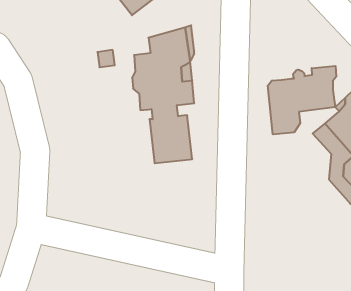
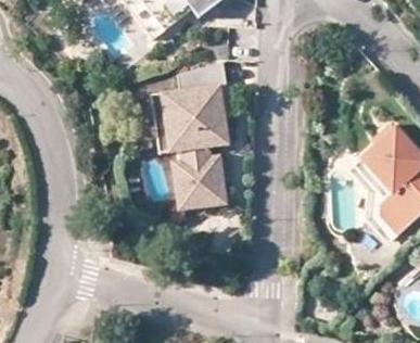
building: [268,66,336,134] -> none

